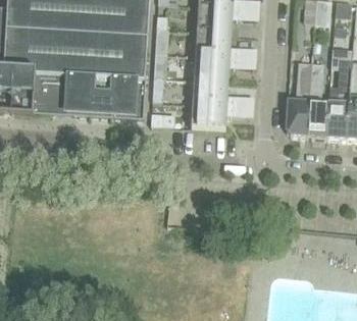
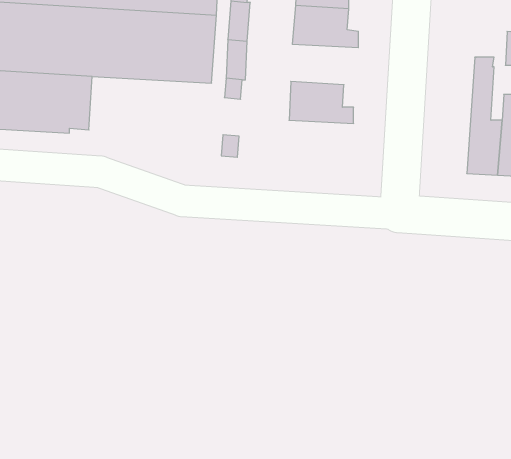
building: [195,55,238,81] -> none
building: [287,55,312,137] -> none
building: [67,75,146,117] -> none
building: [192,103,235,130] -> none

